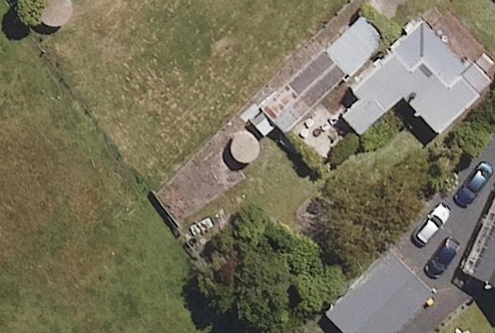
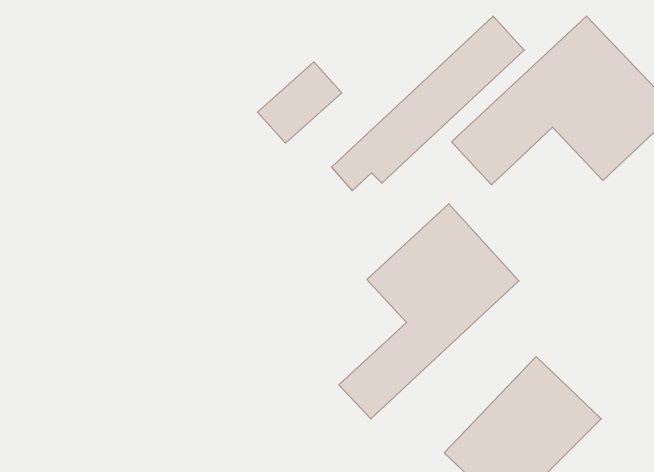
building: none -> [339,204,519,419]

